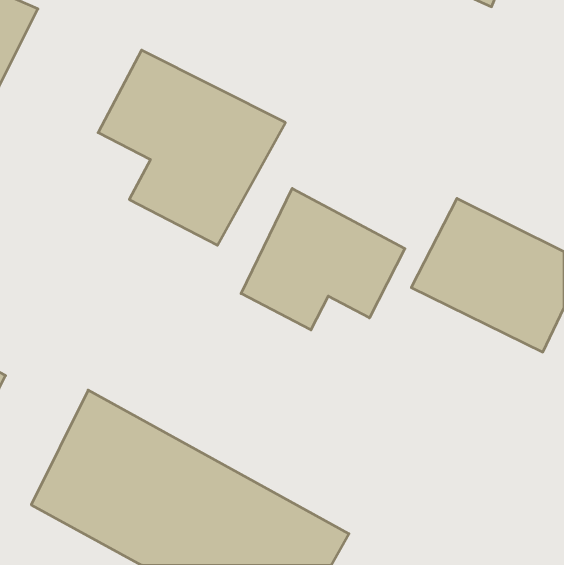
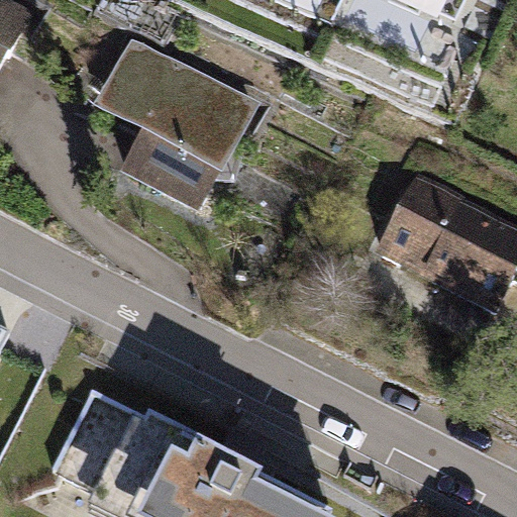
building: [241,188,405,330] -> none

